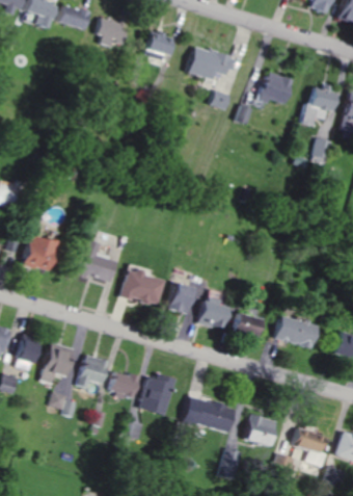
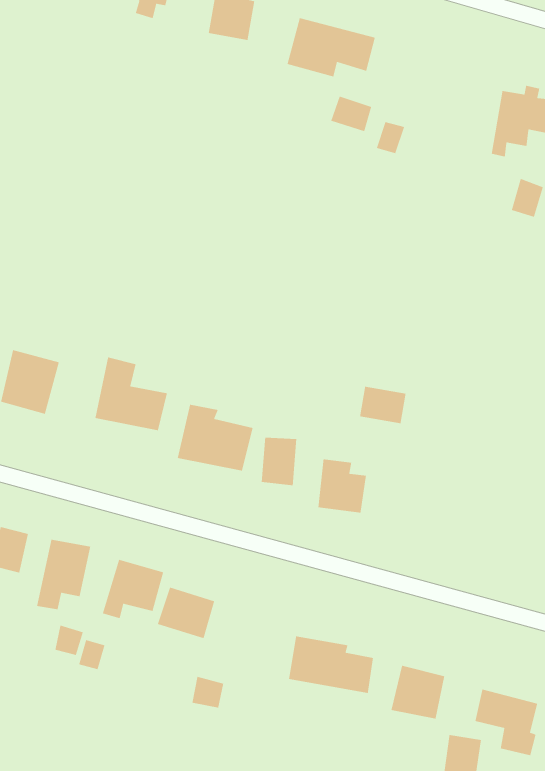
building: [260,73,294,104] -> none
building: [236,314,263,336] -> [359,386,407,424]
building: [276,316,319,348] -> none
building: [144,375,177,415] -> none

